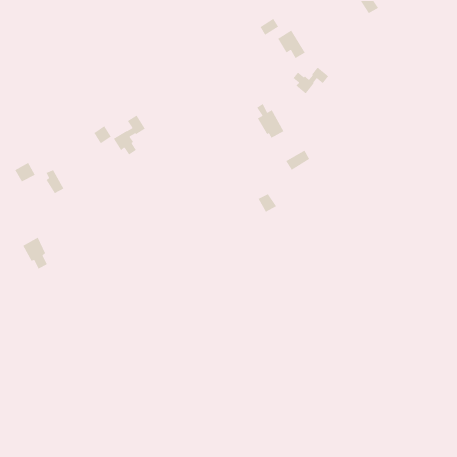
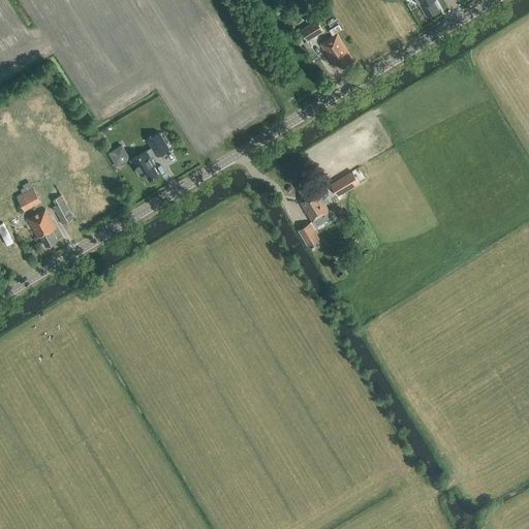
building: [292,66,329,95] -> none
building: [256,103,285,139] -> [299,185,332,226]
building: [22,237,48,270] -> [27,209,57,247]

